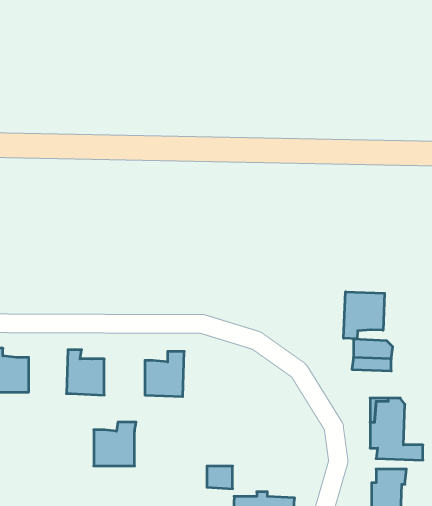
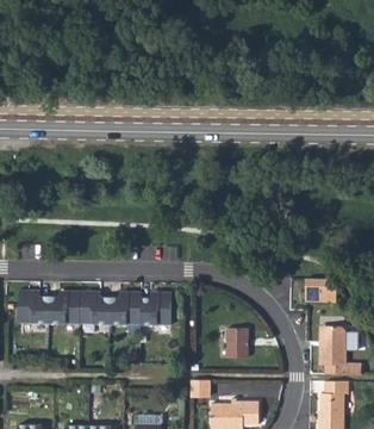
building: [344,292,385,339] -> none
building: none -> [50,288,81,323]
building: none -> [218,325,249,356]
building: [94,422,136,466] -> [110,290,143,324]

